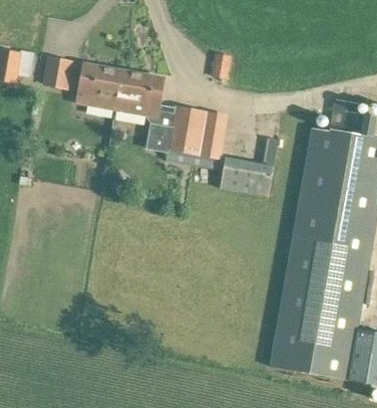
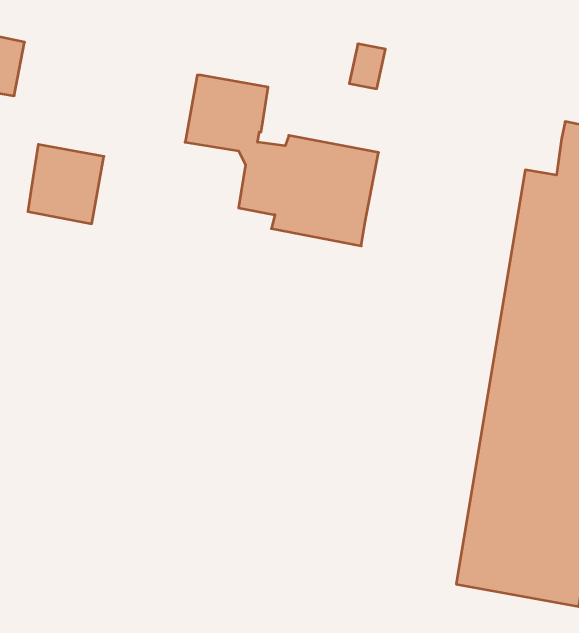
building: [45,57,71,87] -> none
building: [78,63,122,110] -> [28,144,104,224]
building: [220,137,278,196] -> none

